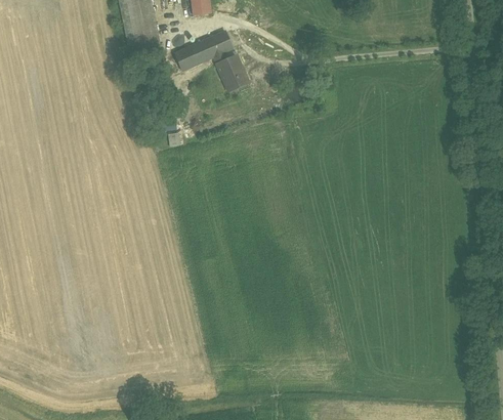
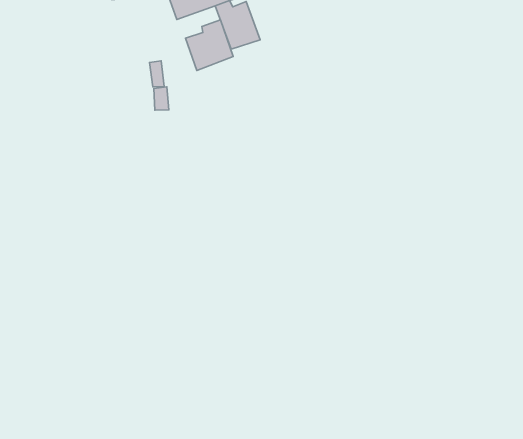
building: none -> [185,20,233,70]

